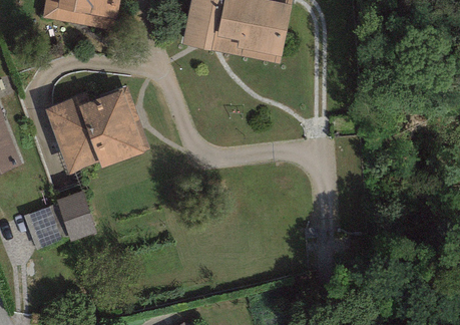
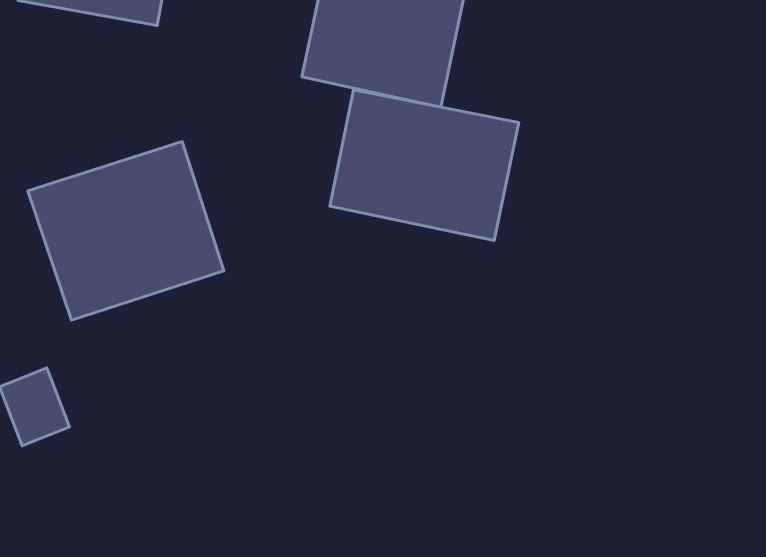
building: none -> [330,90,519,240]
building: [55,187,94,236] -> none

